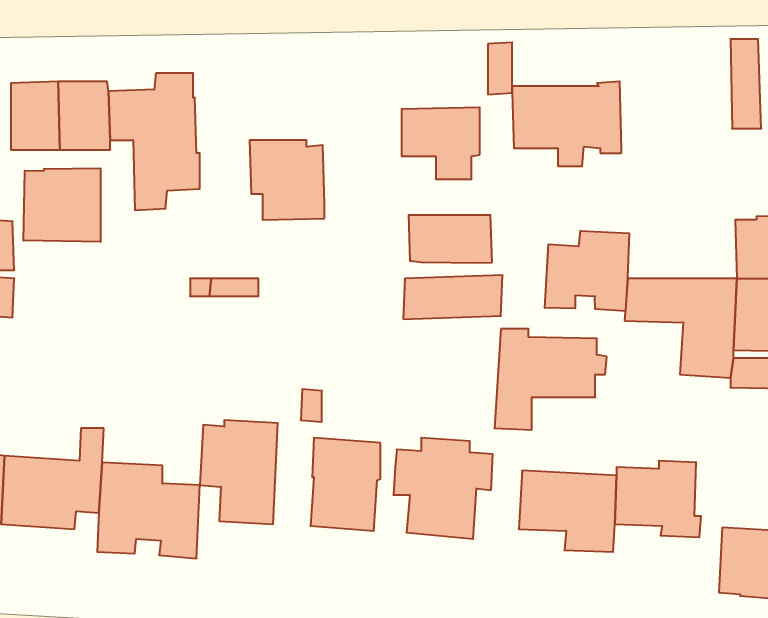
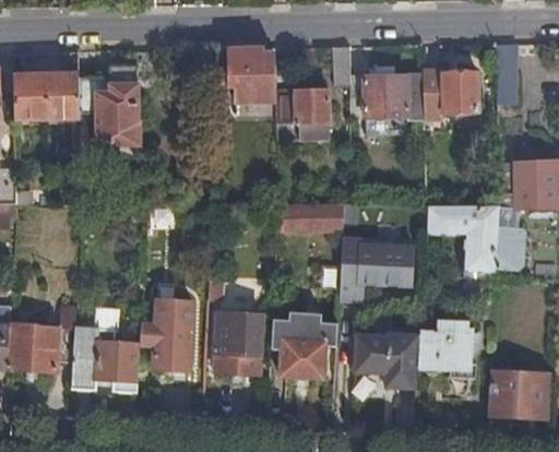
building: none -> [423,71,478,120]
building: [250,140,324,220] -> [226,48,276,102]
building: [23,168,101,242] -> none
building: [409,215,492,263] -> none
building: [545,231,629,311] -> none

